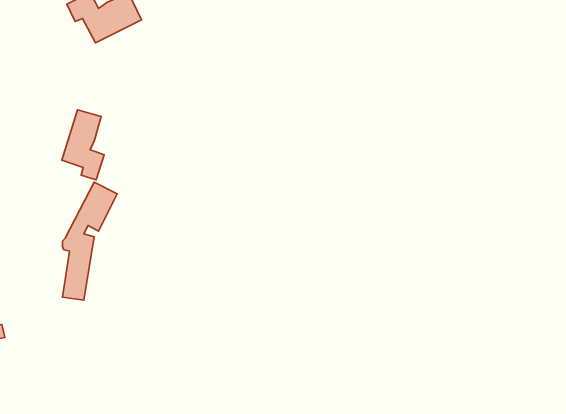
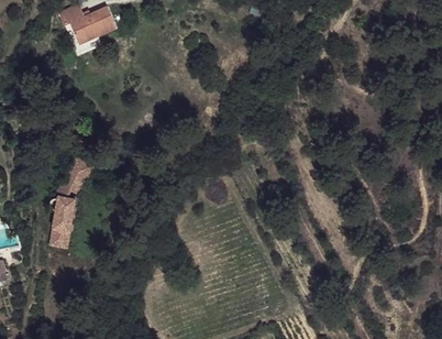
building: [62,110,104,180] -> none

